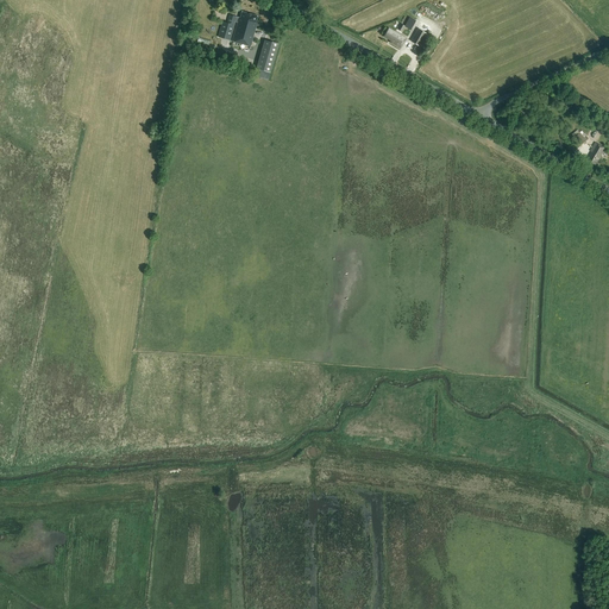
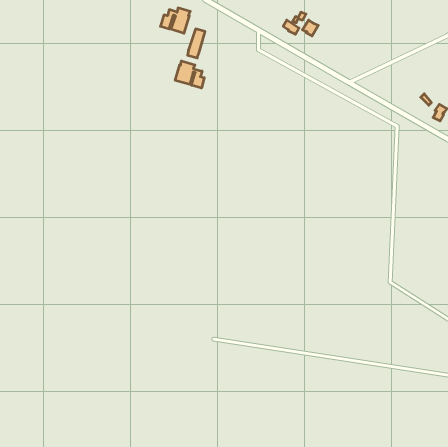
building: none -> [175,61,204,88]

